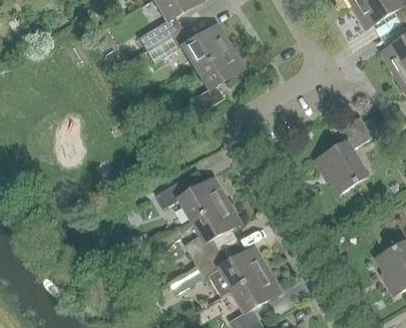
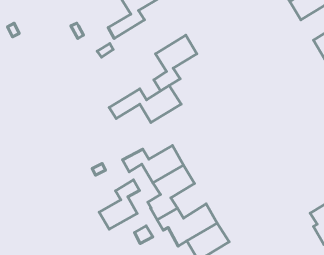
building: [144,23,230,67] -> [109,85,181,123]
building: [315,115,372,192] -> none
building: none -> [99,180,140,229]

